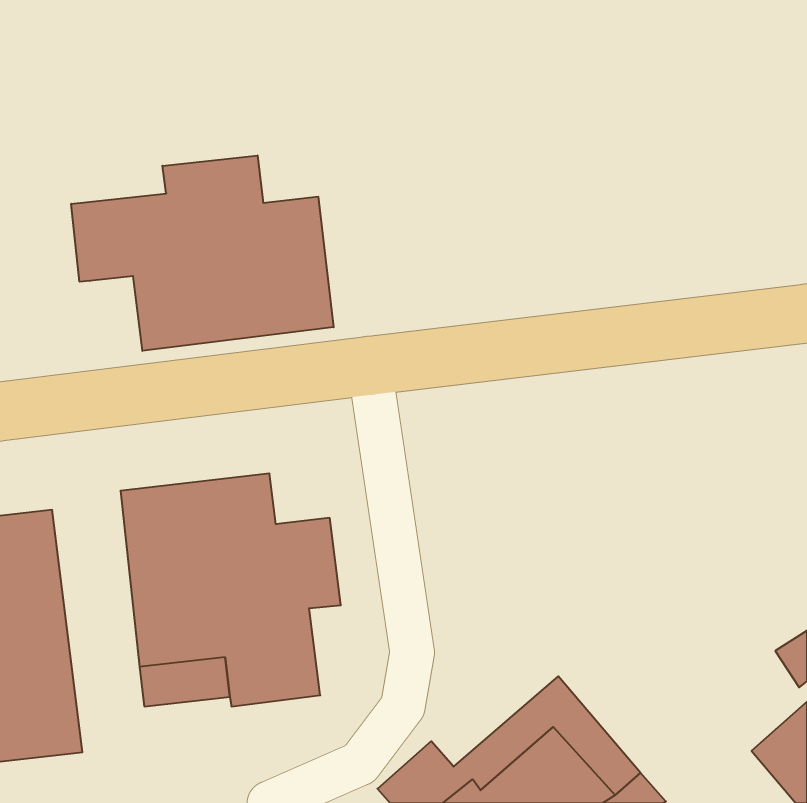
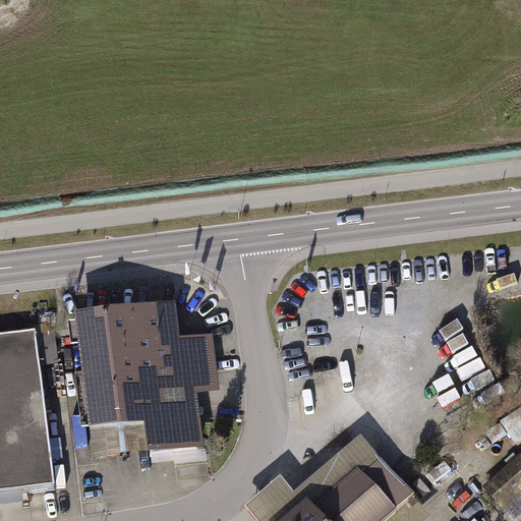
building: [71,155,334,351] -> none

